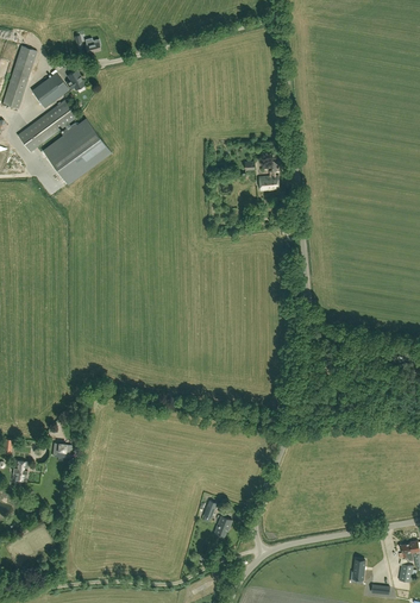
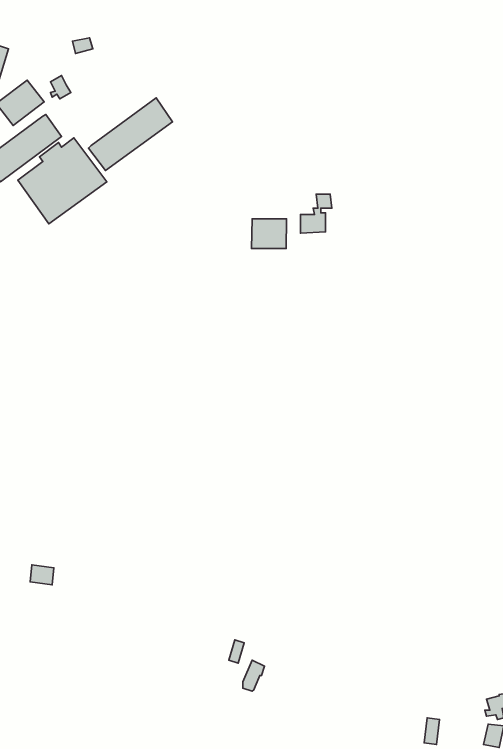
building: none -> [89,98,172,170]
building: none -> [251,219,287,248]

